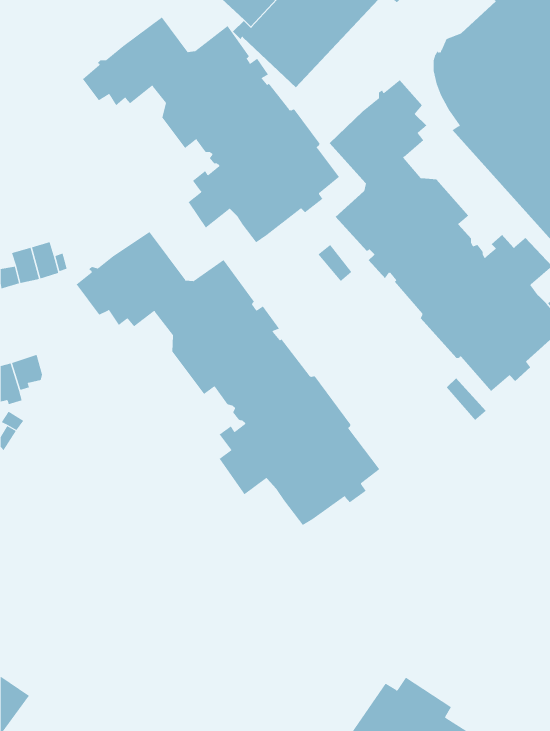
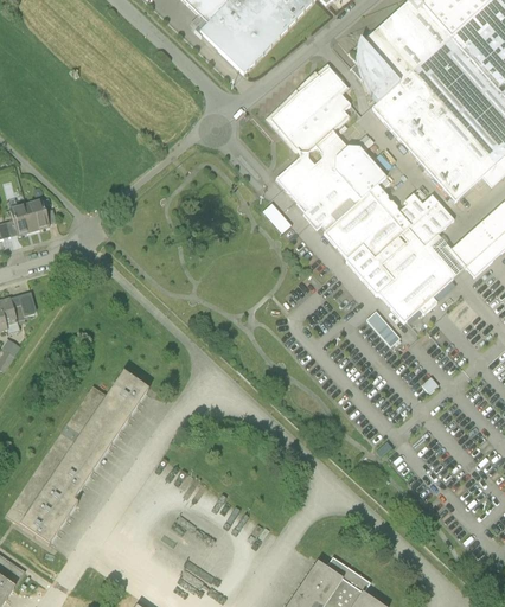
building: [82,16,340,243] -> none
building: [76,231,380,526] -> none
building: none -> [7,371,147,542]

